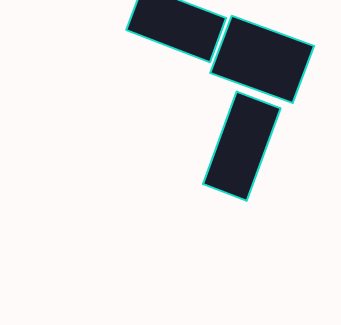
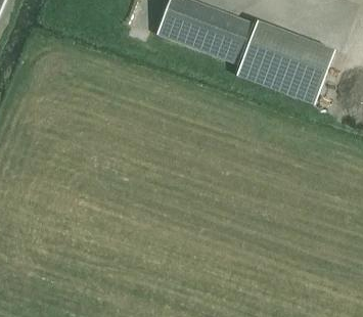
building: [203,91,280,201] -> none

